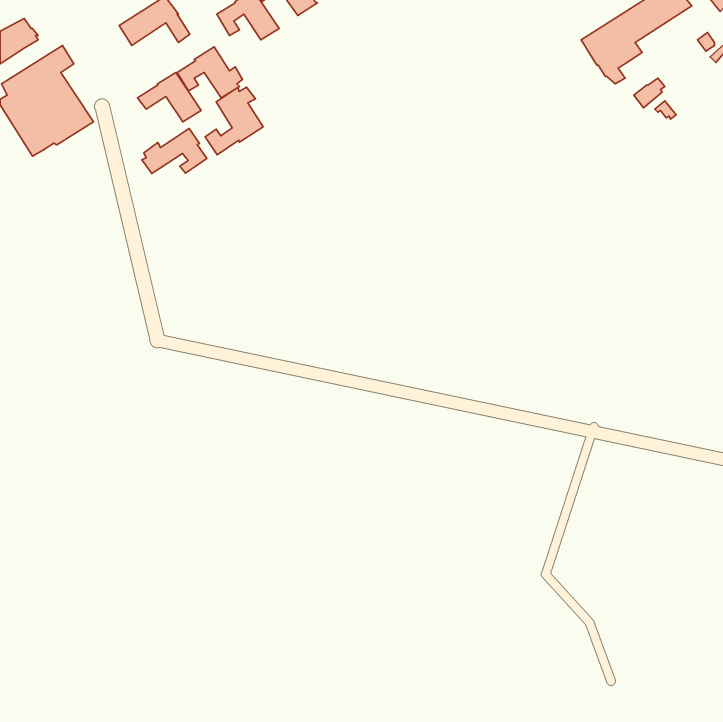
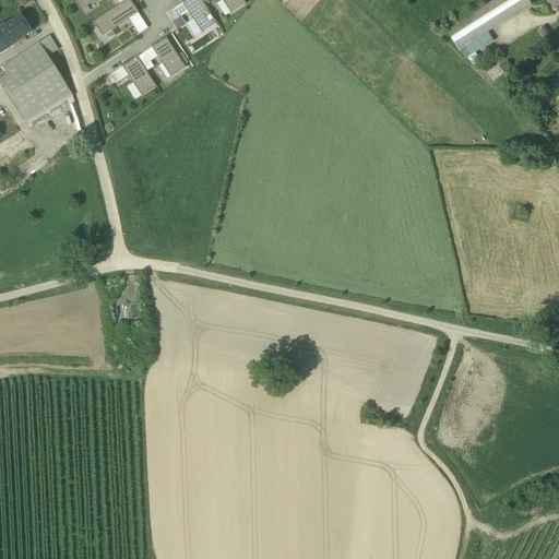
building: [205,87,263,155] -> none
building: [142,128,207,174] -> none

